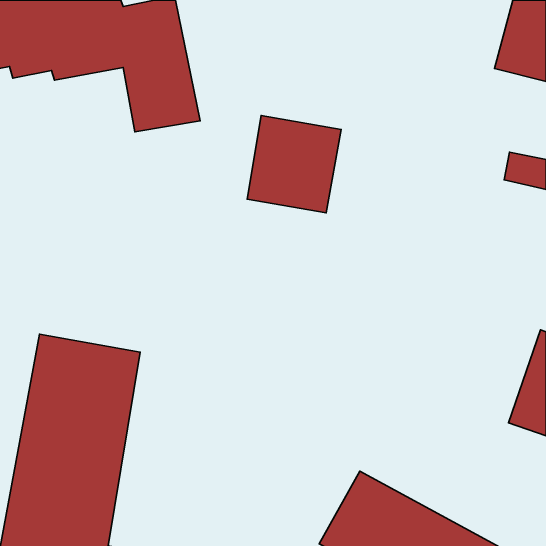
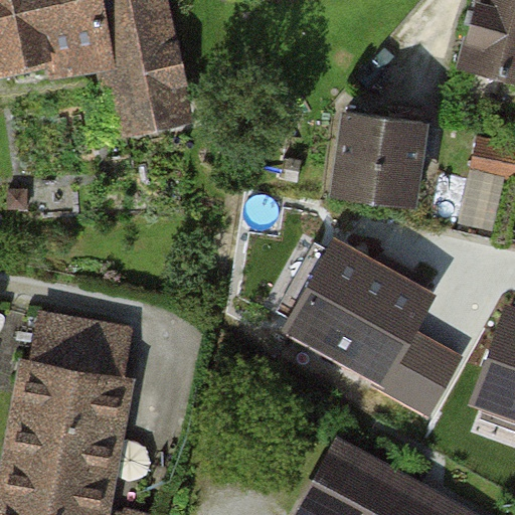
building: [247,116,341,213] -> [336,113,424,204]
building: none -> [290,245,457,412]

